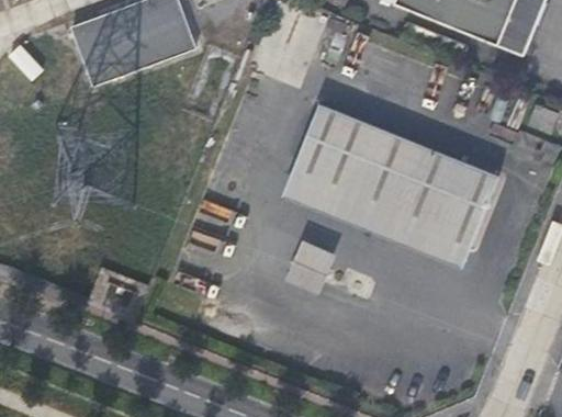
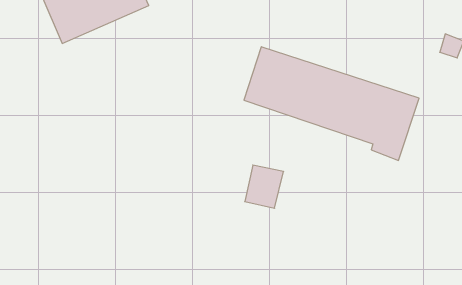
building: [284,164,471,267] -> none

